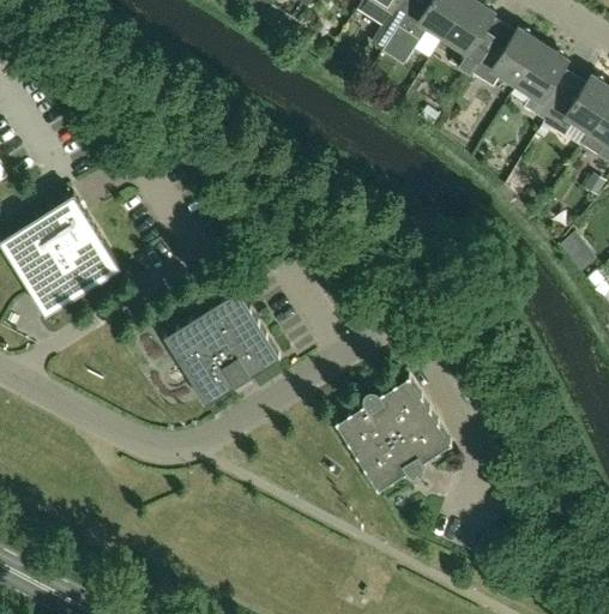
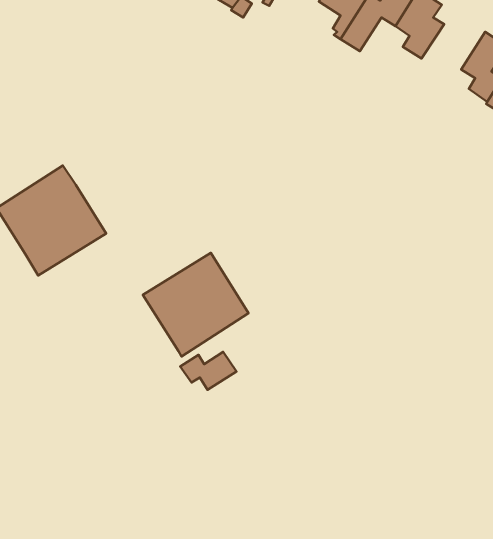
building: [472,29,543,88] -> none
building: [337,377,453,490] -> none
building: none -> [180,352,236,390]

